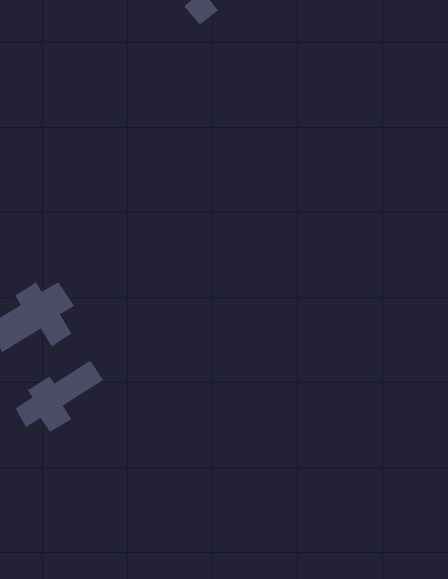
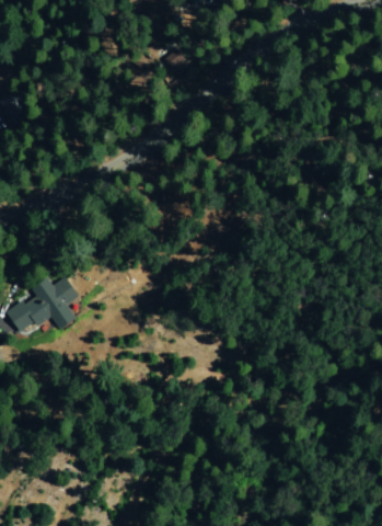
building: [14,360,104,433] -> none

